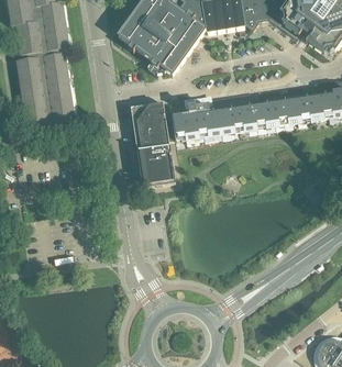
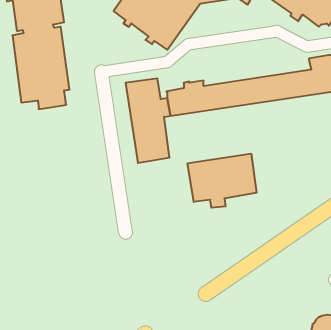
building: none -> [188,154,256,208]

